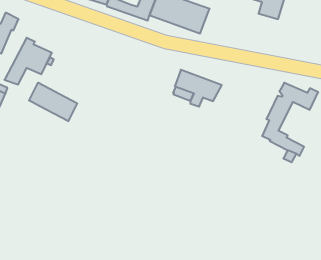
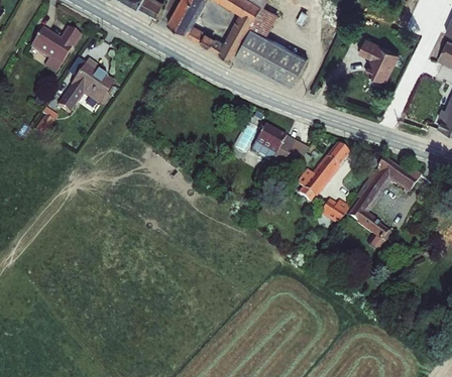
building: none -> [296,141,349,203]
building: [29,83,77,121] -> none
building: none -> [319,199,349,225]

